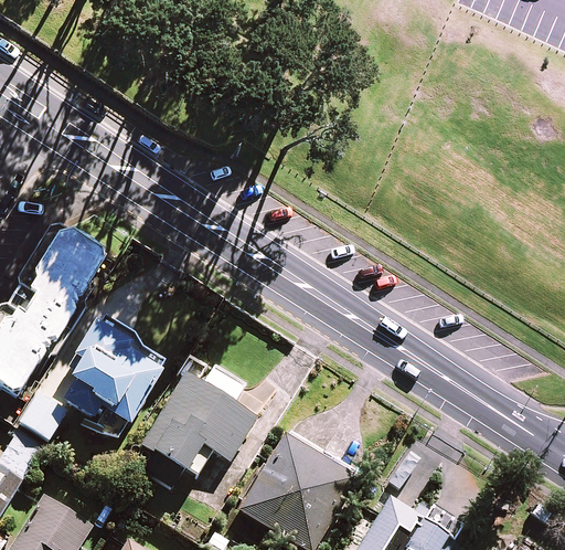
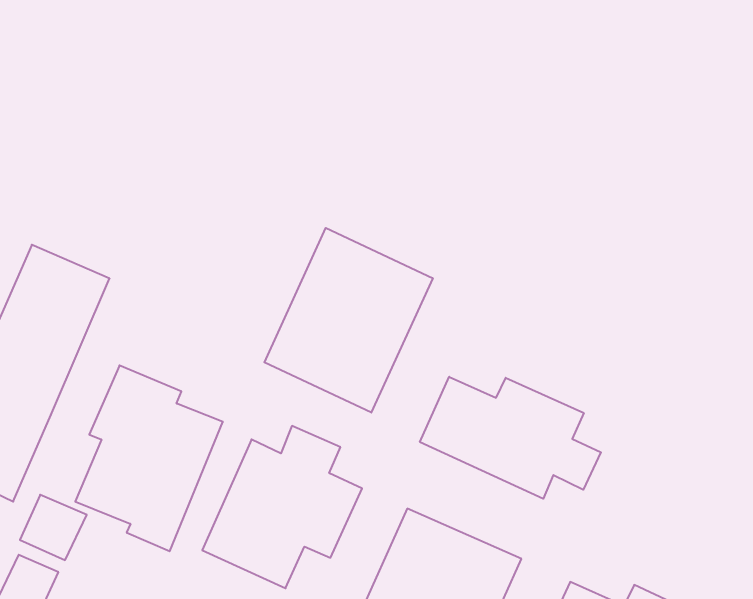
building: none -> [264,228,433,413]
building: none -> [420,377,601,499]

